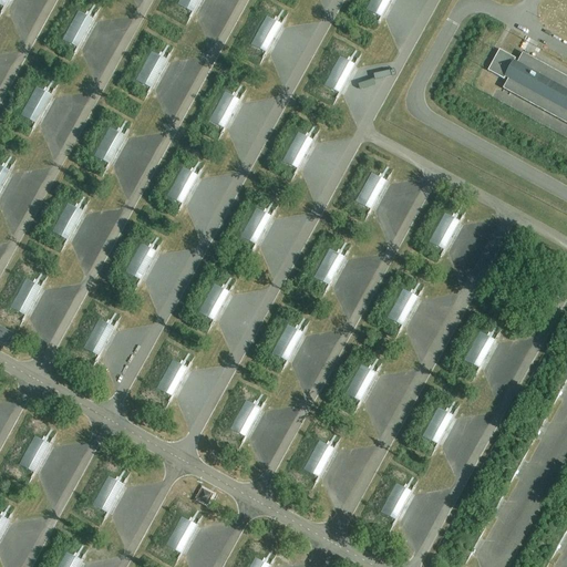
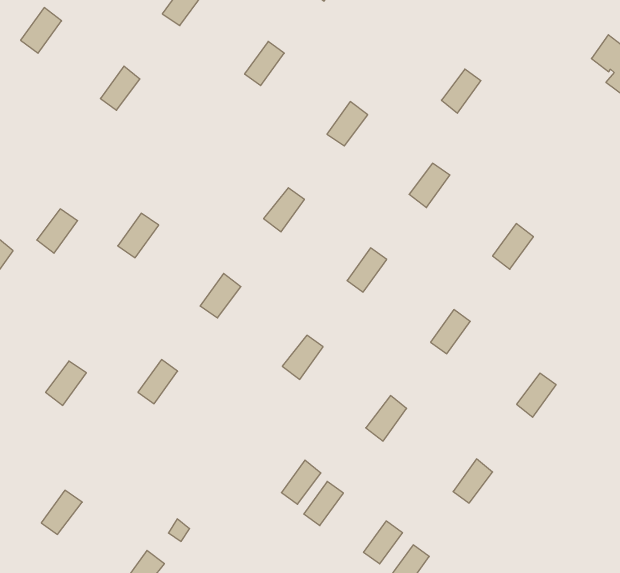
building: [321,53,351,90] -> [441,69,481,113]
building: [164,164,195,200] -> none
building: [49,202,80,238] -> [37,209,78,253]
building: [80,318,111,354] -> [46,361,86,405]
building: [227,398,257,434] -> [281,460,321,504]
building: none -> [364,521,402,564]

